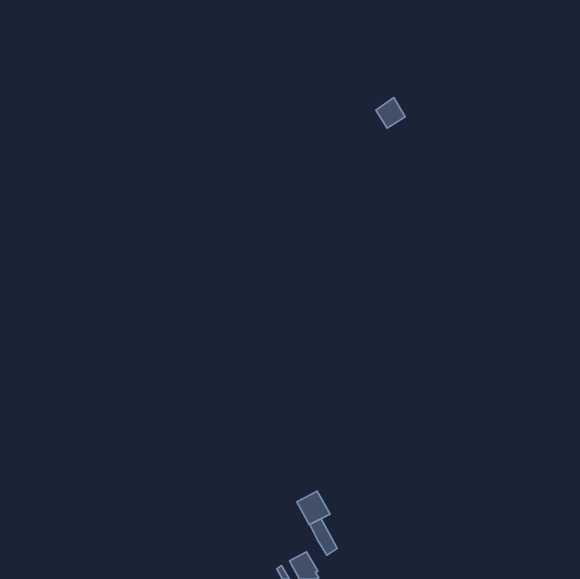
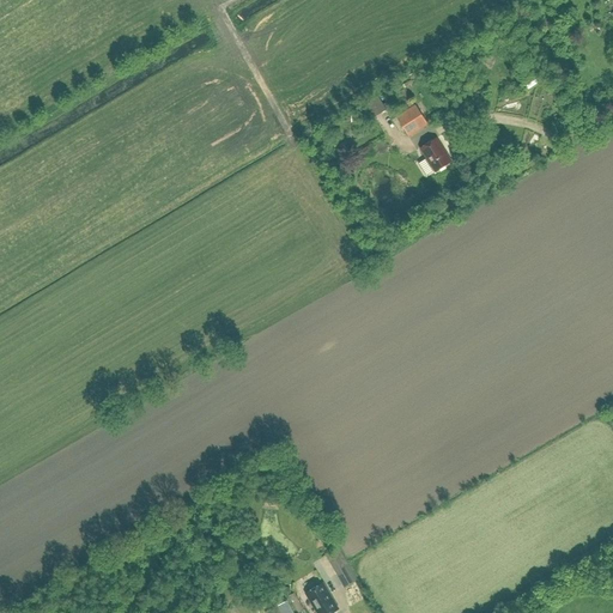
building: none -> [420,136,451,171]
building: [297,491,330,524] -> none

